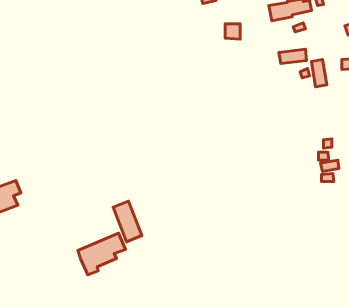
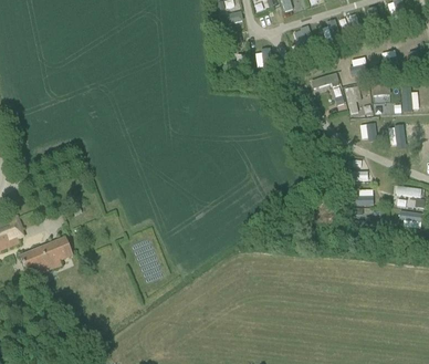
building: [78,233,126,275] -> [27,237,79,282]

